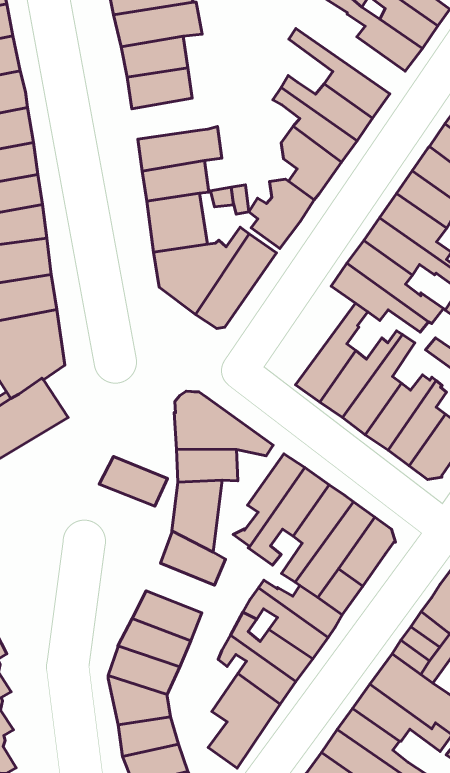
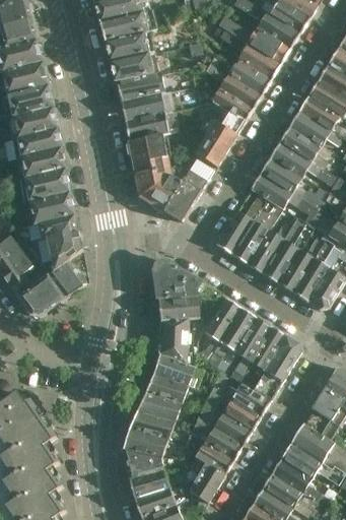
building: none -> [217,15,289,63]
building: none -> [115,72,164,102]
building: none -> [215,189,266,254]
building: [99,456,167,506] -> [142,374,186,404]

